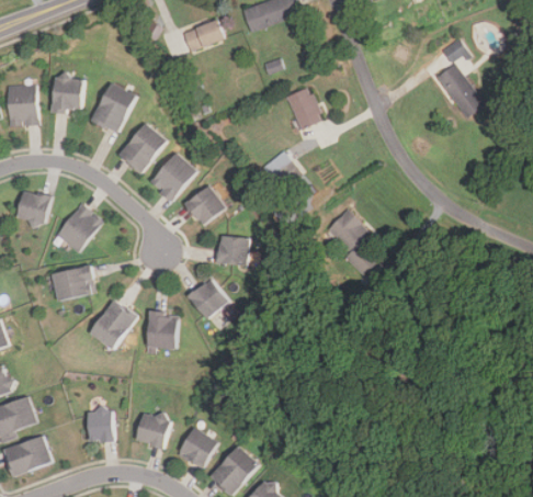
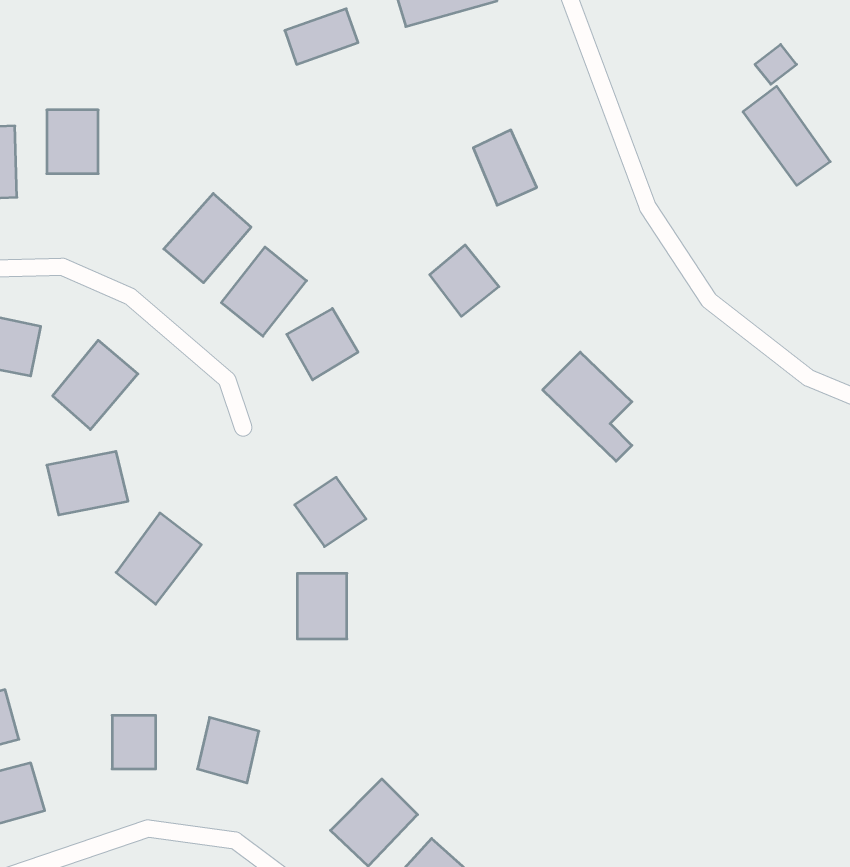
building: [90,82,133,132] -> none
building: [217,235,248,264] -> none
building: [148,312,175,348] -> [297,573,347,639]
building: [177,427,215,467] -> none

